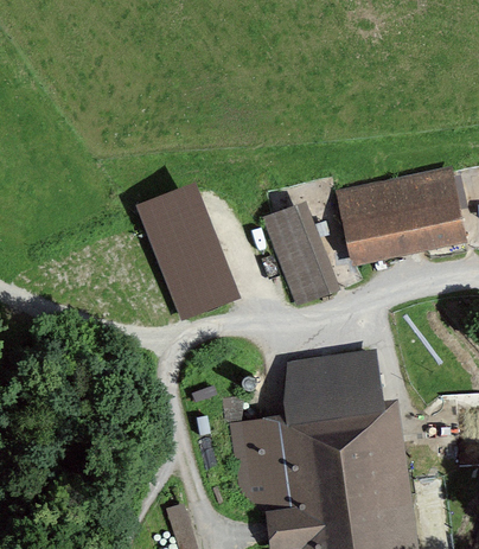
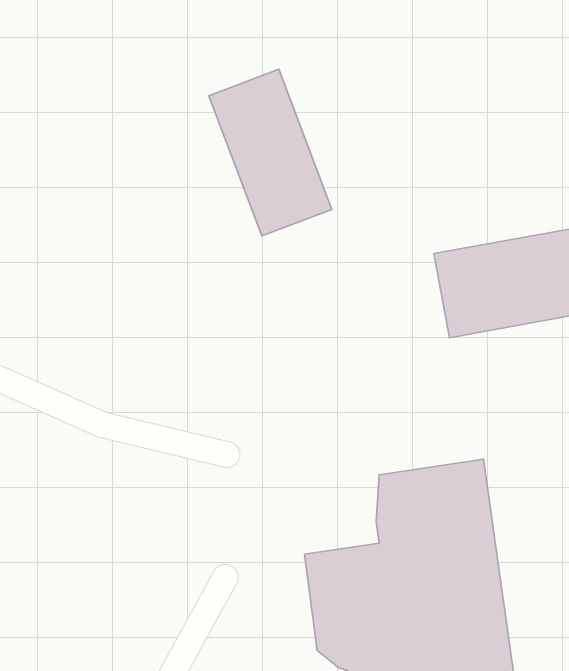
building: [138,185,231,312] -> [209,69,332,236]
building: [263,208,332,298] -> none

